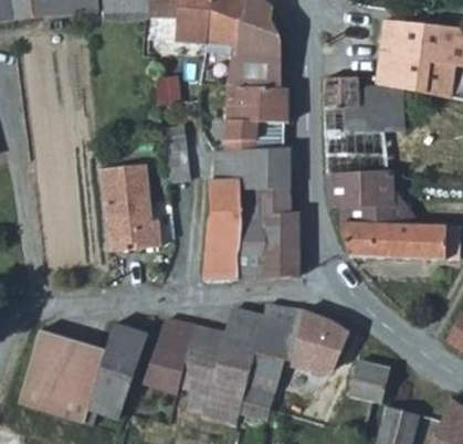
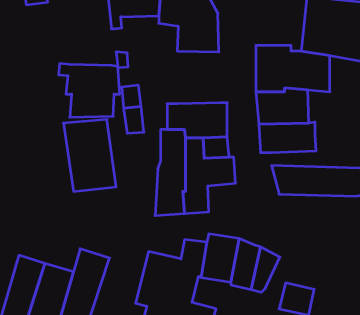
building: [217,83,290,147] -> [59,64,120,117]
building: [341,184,421,223] -> none
building: [266,242,299,276] -> none
building: [145,318,196,392] -> none

